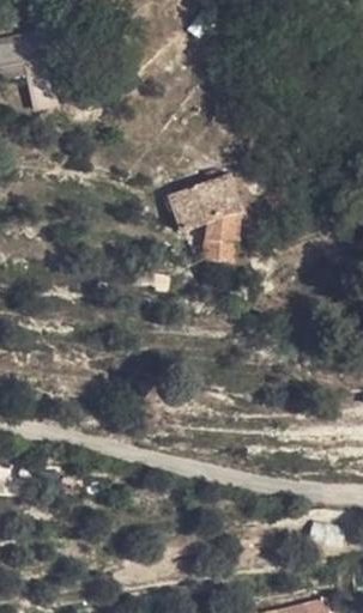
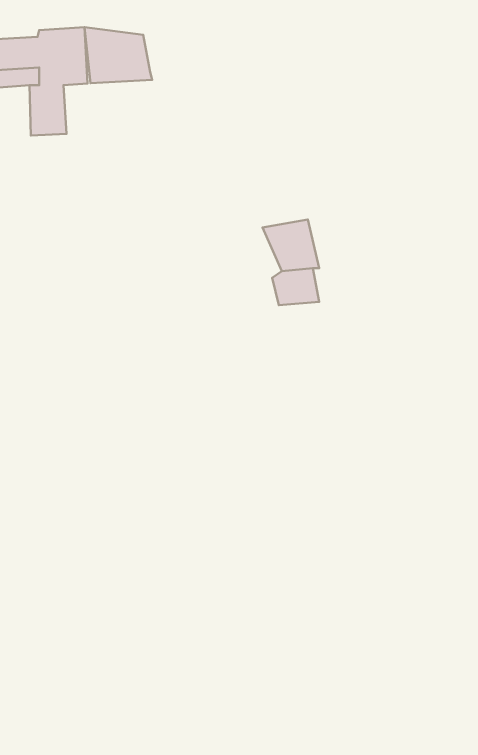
building: none -> [84,27,152,83]
building: [157,186,210,238] -> none

